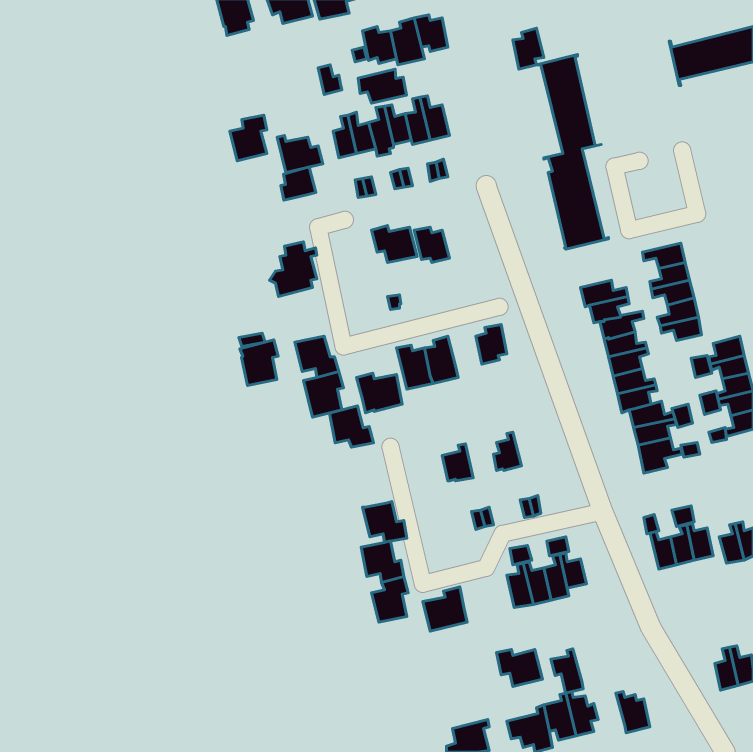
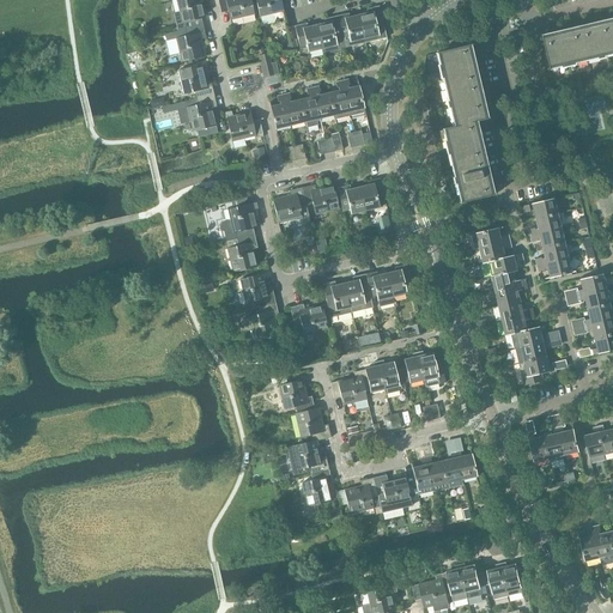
building: [513,28,544,69] -> [359,5,384,38]
building: none -> [176,24,206,61]
building: [358,69,407,103] -> none
building: none -> [178,63,214,97]
building: [281,167,316,200] -> none
building: none -> [359,177,386,210]
building: none -> [273,187,306,223]
building: none -> [364,271,394,305]
building: [240,340,278,386] -> [226,233,257,271]
building: [329,406,374,447] -> [279,378,315,412]
building: none -> [417,350,445,387]
building: none -> [378,359,405,393]
building: none -> [330,370,366,403]
building: [551,649,583,693] -> [482,563,509,599]
building: [497,650,542,687] -> [374,474,411,504]

